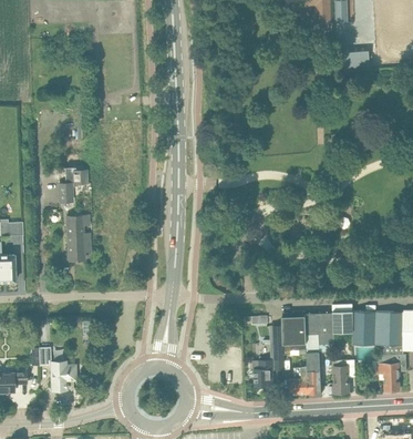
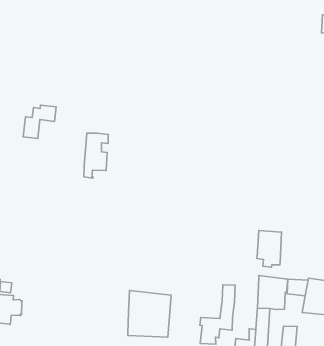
building: [65,216,89,261] -> [84,133,108,178]
building: [281,316,306,351] -> [257,231,281,267]
building: none -> [128,290,171,337]

